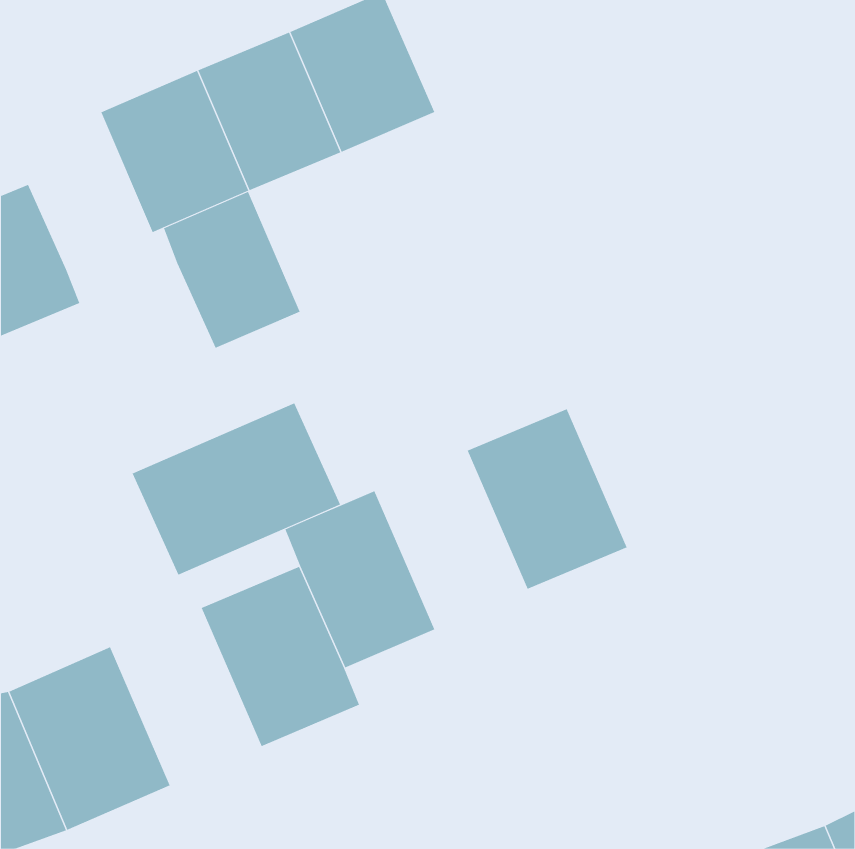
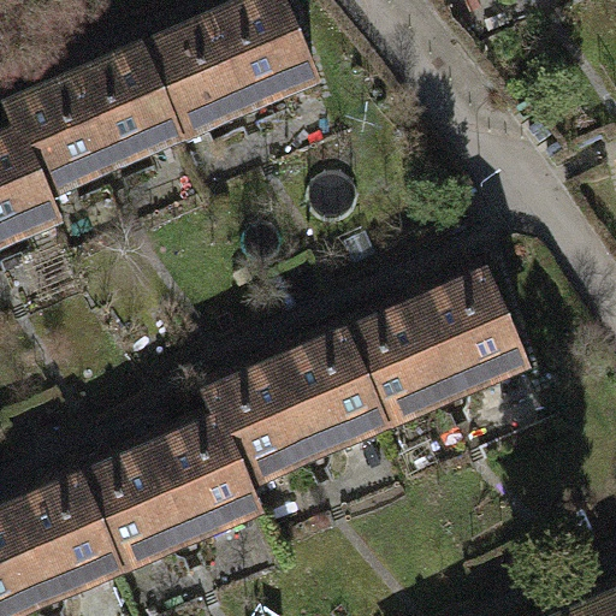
building: [163,191,300,349] -> [11,81,109,194]
building: none -> [408,262,523,393]
building: [132,402,341,575] -> none
building: none -> [270,324,379,452]
building: none -> [79,437,188,564]

